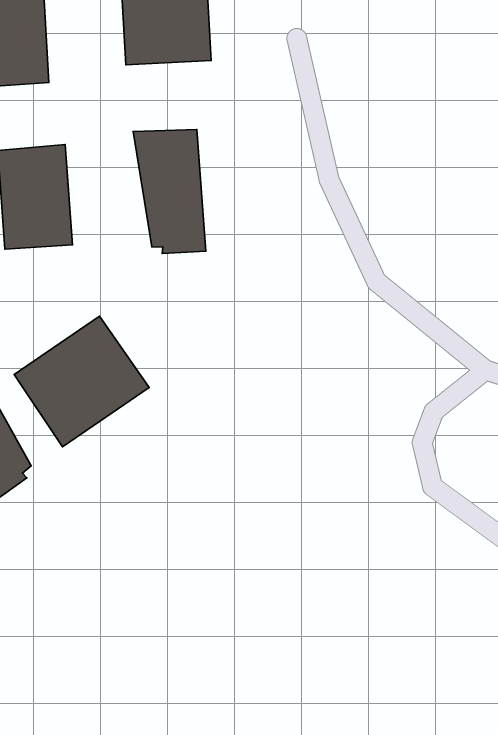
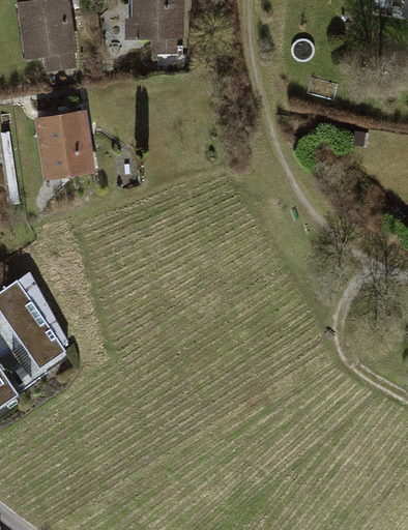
building: [133,130,206,253] -> none
building: [14,316,149,447] -> none

